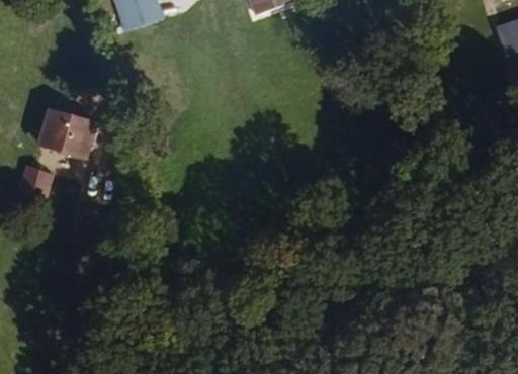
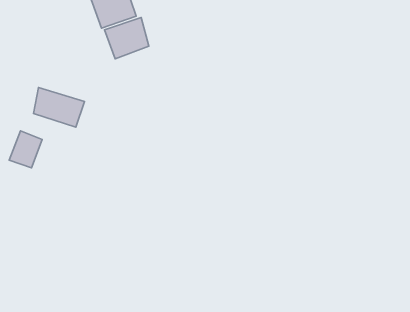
building: none -> [105,17,149,59]

